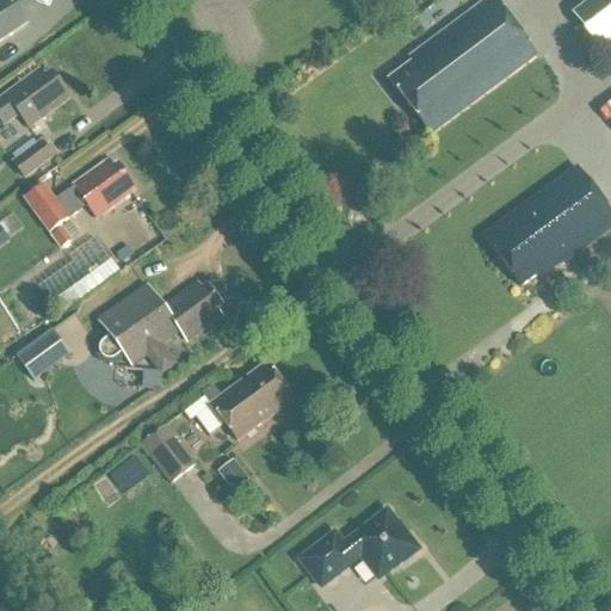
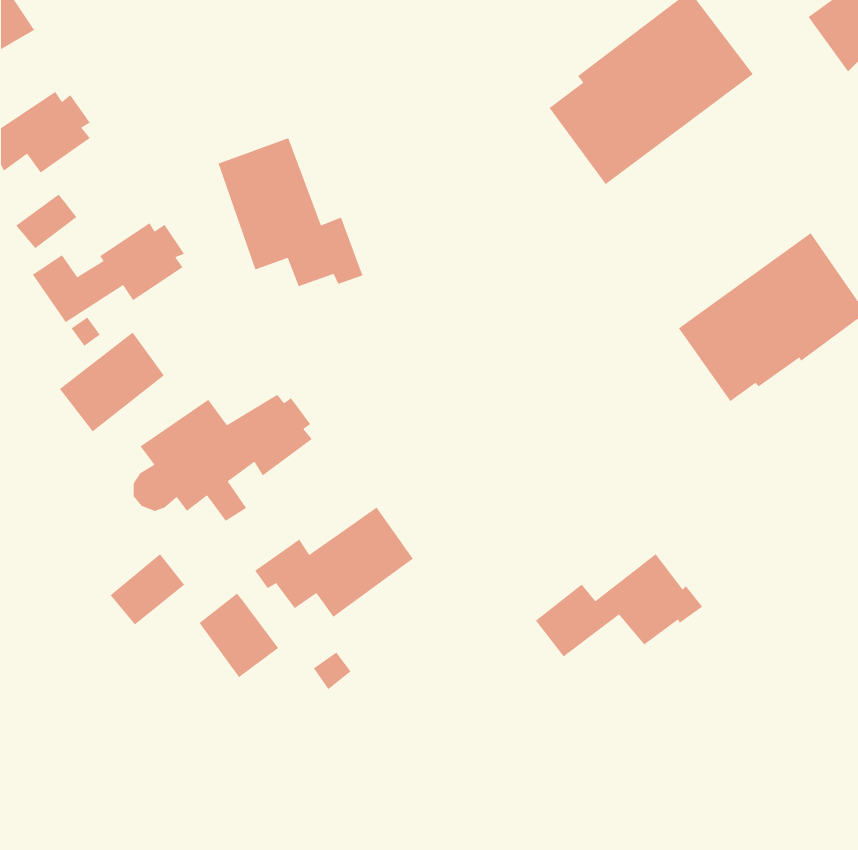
building: none -> [217,137,363,287]
building: [17,326,70,377] -> [110,553,185,625]
building: [300,507,419,581] -> [535,553,703,657]

